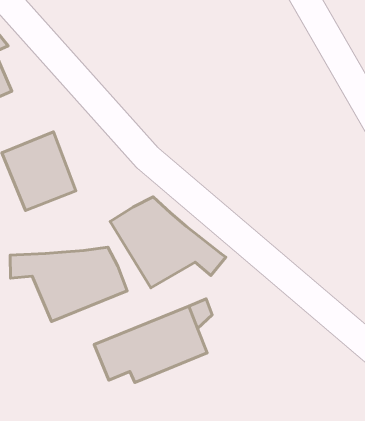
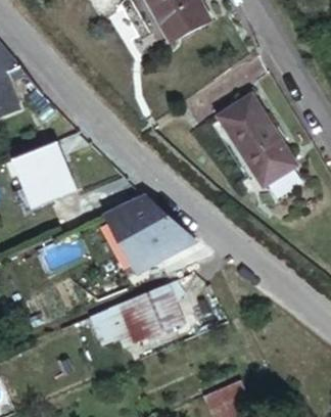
building: none -> [216,92,291,180]
building: [10,247,127,321] -> none

